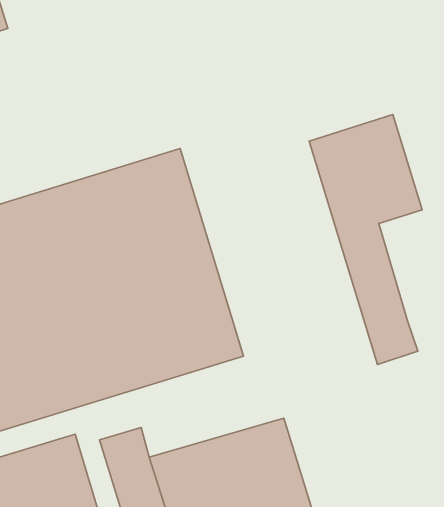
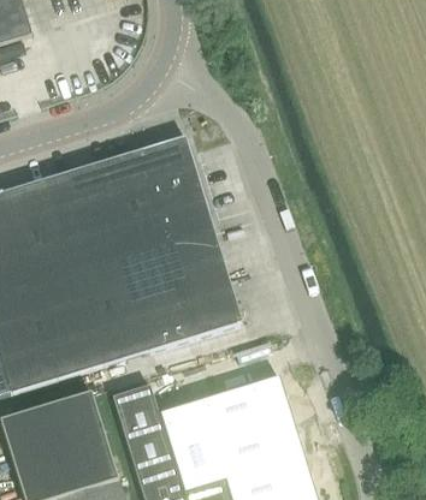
building: [309,114,422,364] -> none

